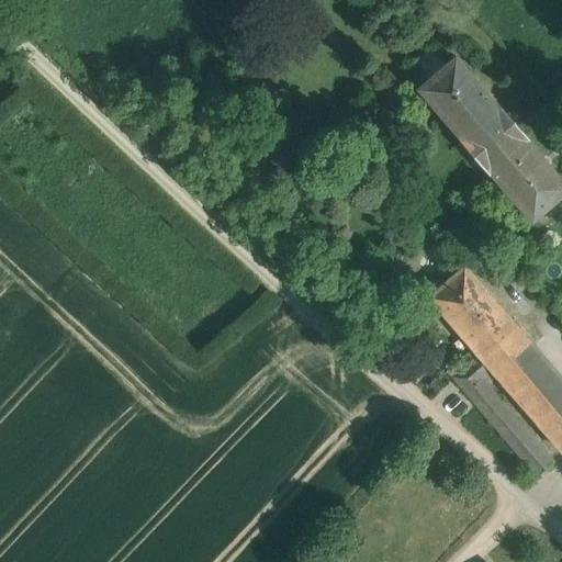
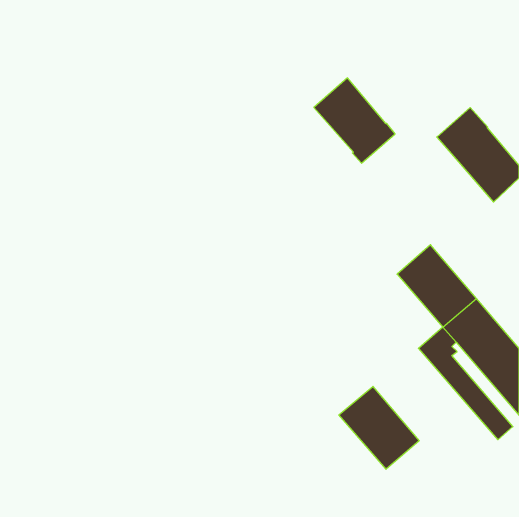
building: [420,58,508,150] -> [314,78,395,163]
building: none -> [339,386,419,469]

